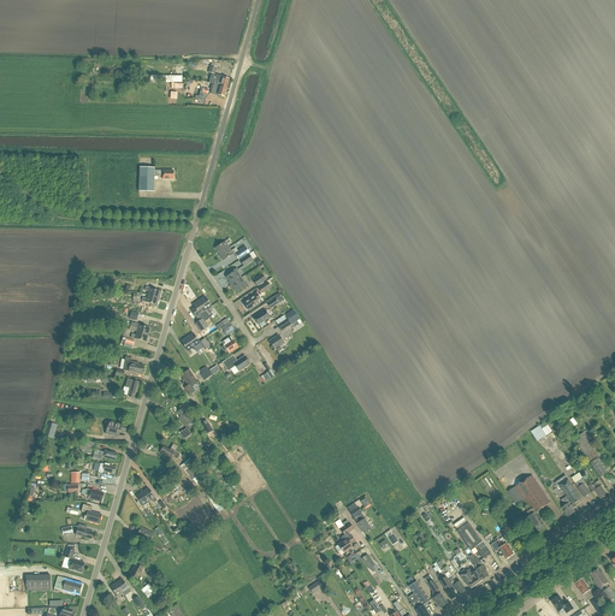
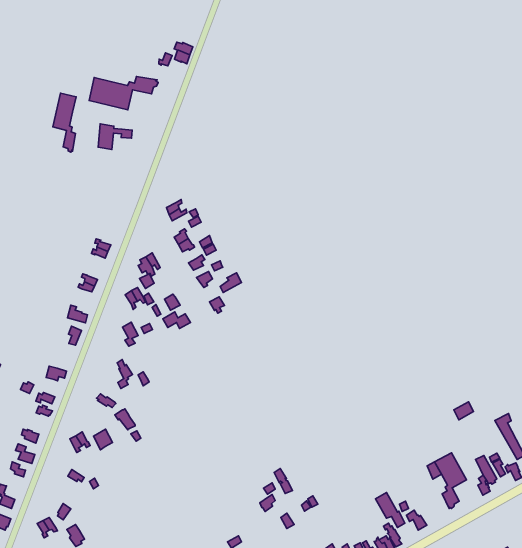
building: none -> [89,76,158,110]
building: none -> [53,93,76,152]

